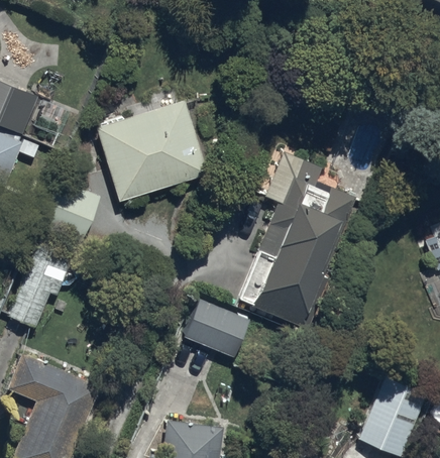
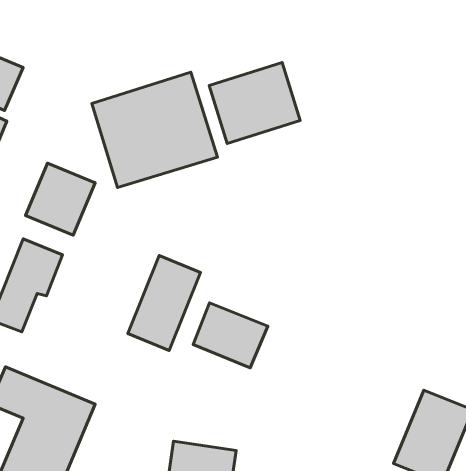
building: none -> [209,62,300,144]
building: [239,151,356,328] -> none
building: none -> [128,256,200,350]

